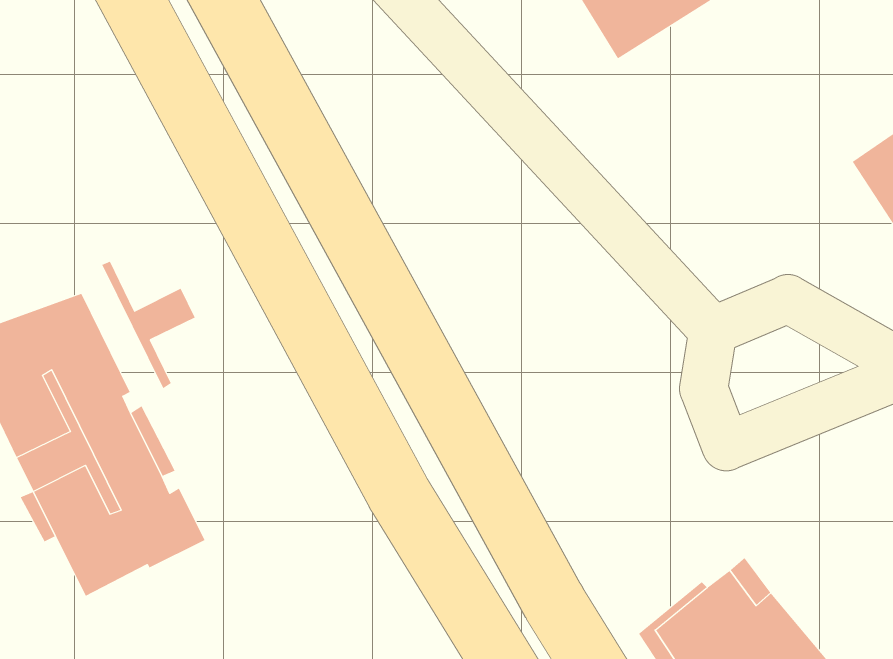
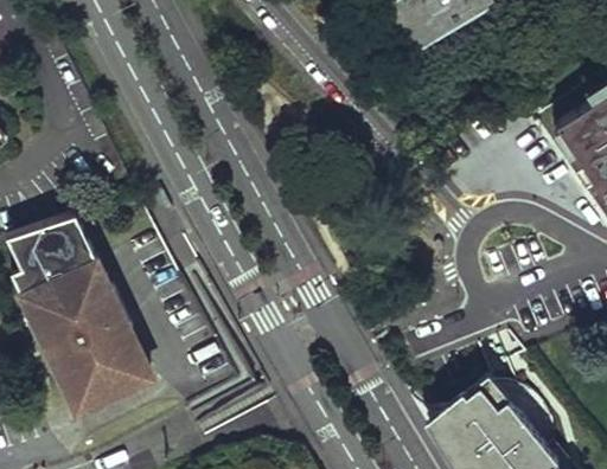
building: [102,261,195,389] -> none

